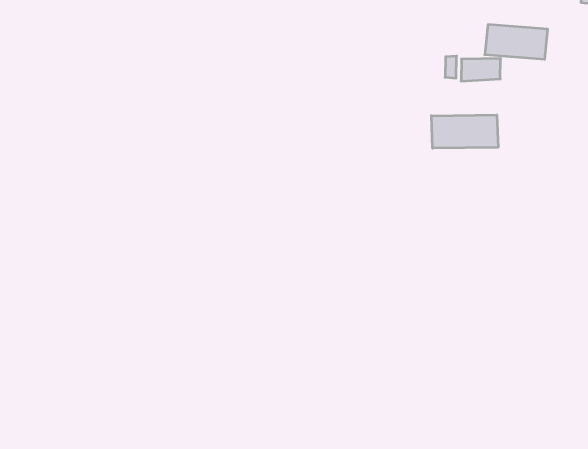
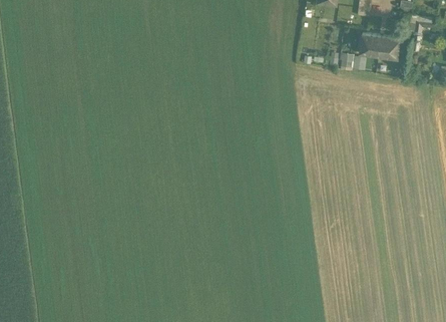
building: [431,115,498,148] -> none

